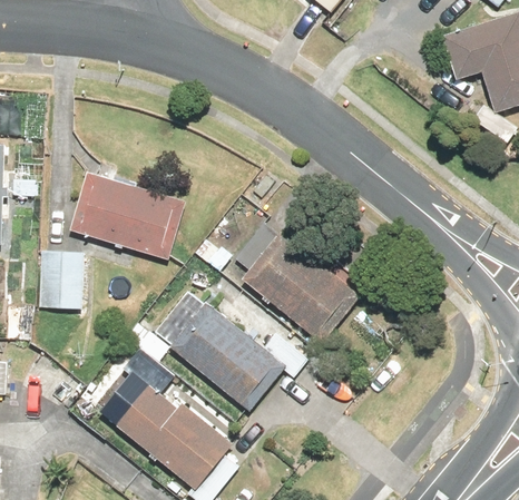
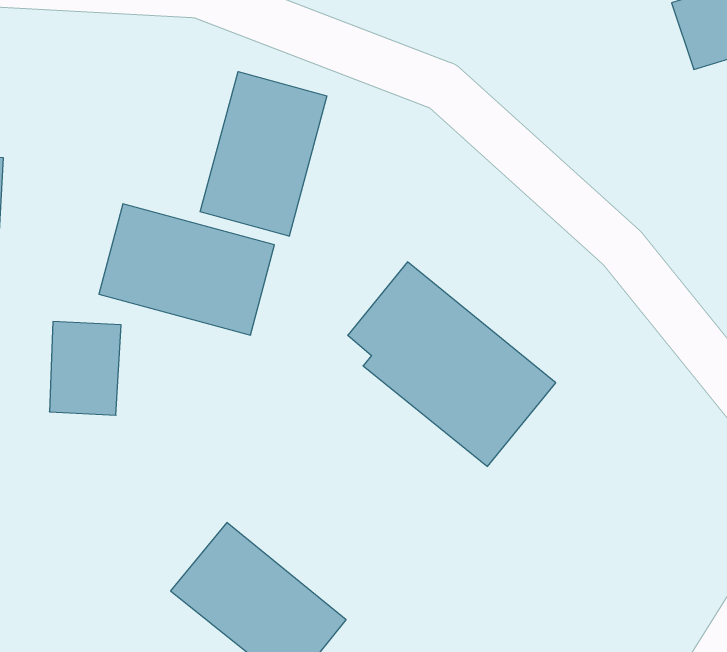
building: none -> [200,72,327,236]
building: [150,288,283,411] -> none

